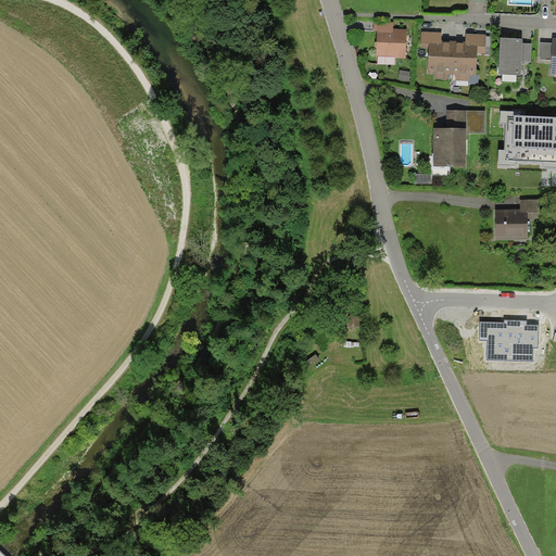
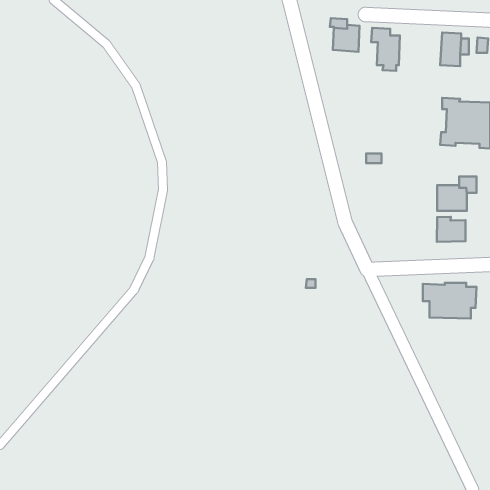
building: [452,34,486,80] -> none
building: [433,110,485,166] -> none
building: none -> [437,217,465,242]

